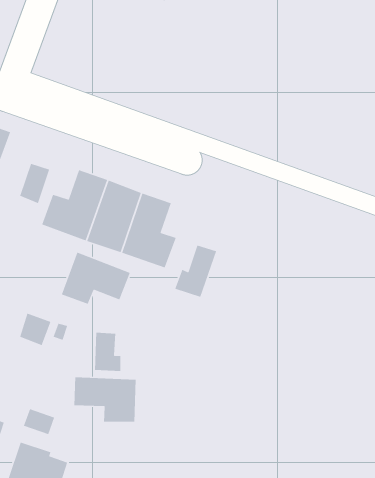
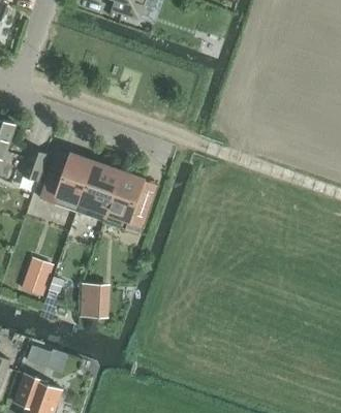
building: [174,245,217,298] -> none
building: [61,252,131,305] -> none
building: [73,377,137,422] -> none

